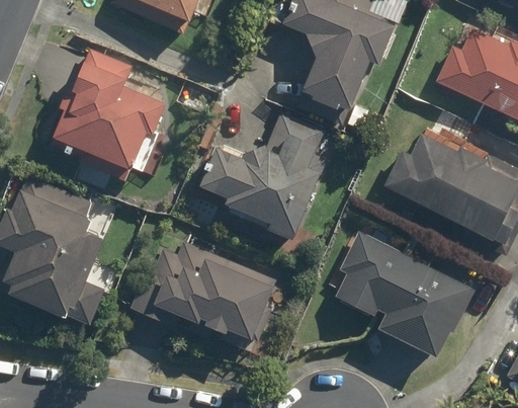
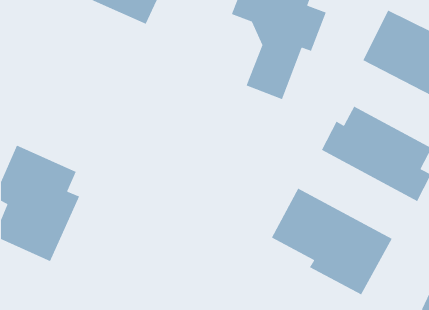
building: [53,45,168,184] -> none
building: [197,112,327,238] -> none
building: [134,234,276,342] -> none

